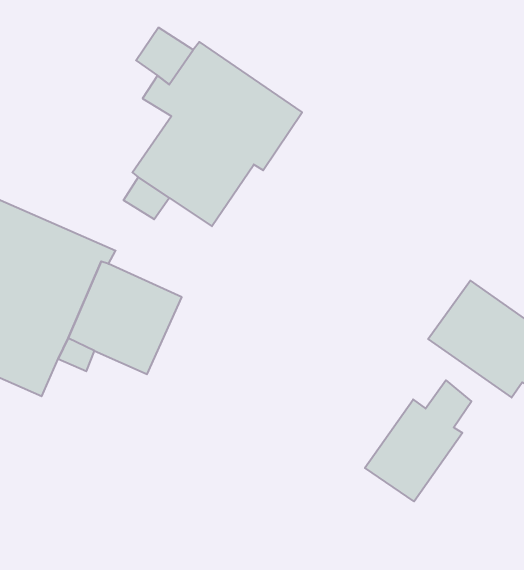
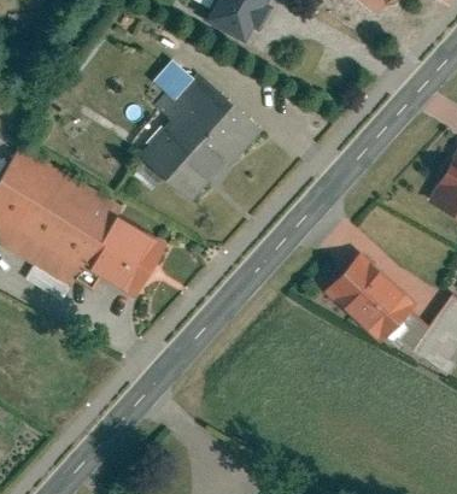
building: [365,380,471,501] -> none

